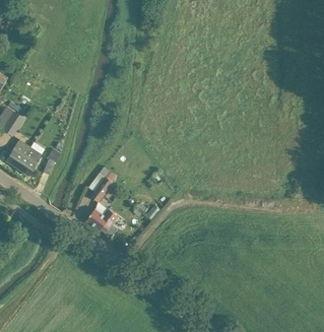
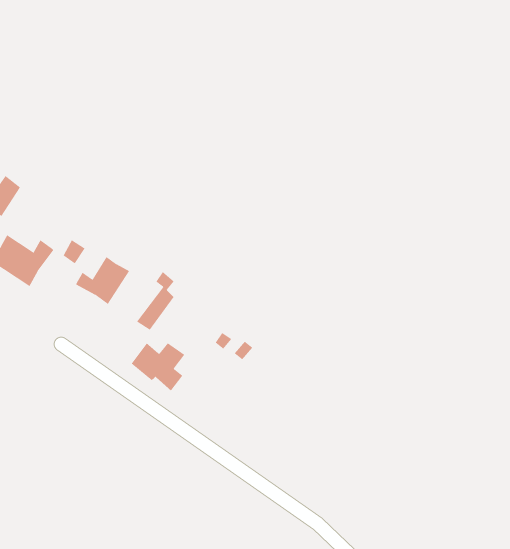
building: none -> [76,256,130,305]

